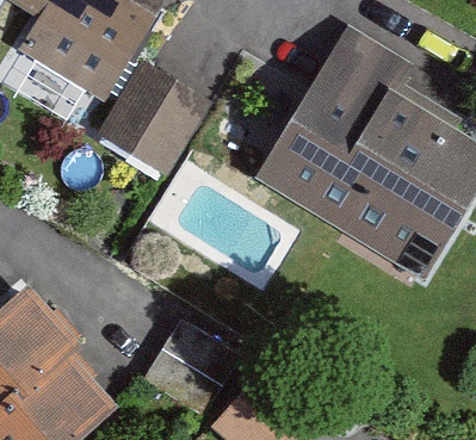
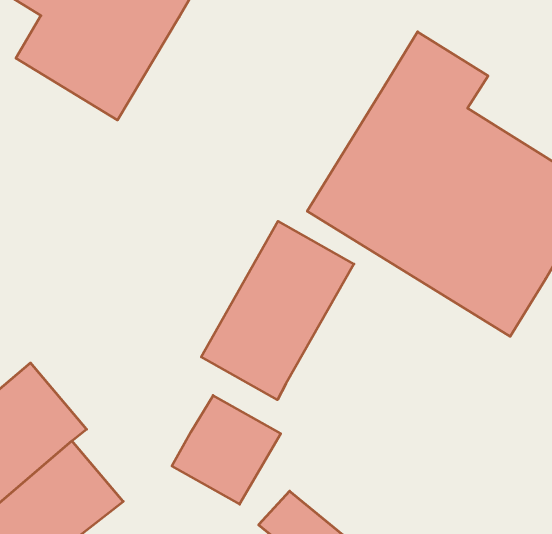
building: [99,62,209,175] -> none
building: none -> [201,221,354,400]

